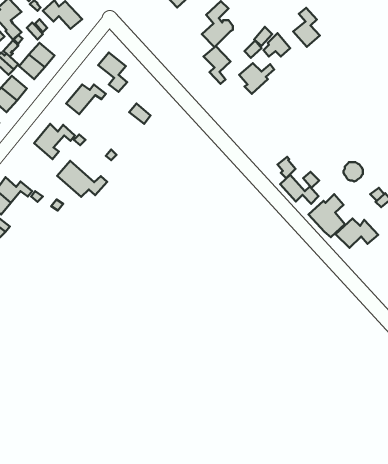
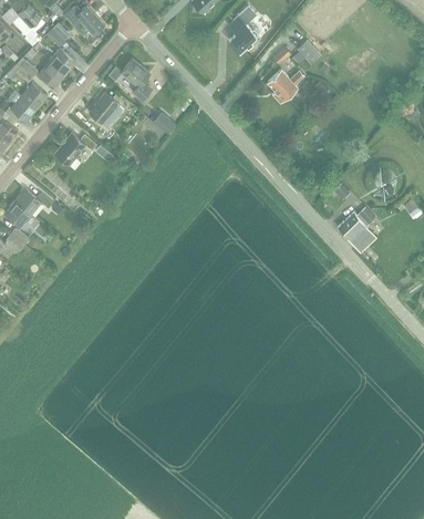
building: [293,8,320,47] -> none
building: [204,46,230,84] -> none
building: [57,161,107,197] -> none
building: [280,175,319,204] -> none
building: [335,218,378,248] -> none

